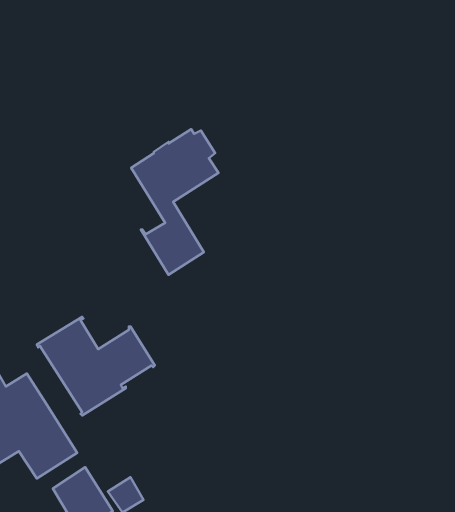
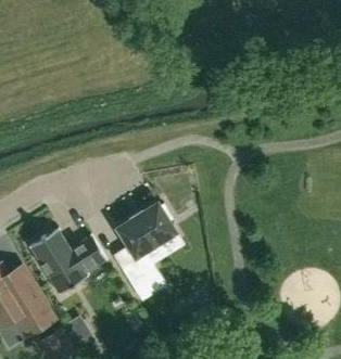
building: [131,129,219,275] -> [116,203,175,300]

